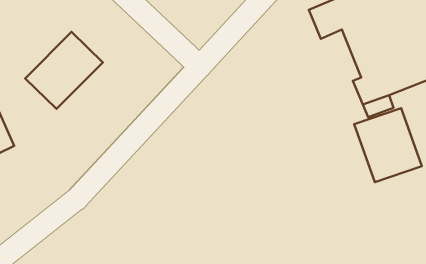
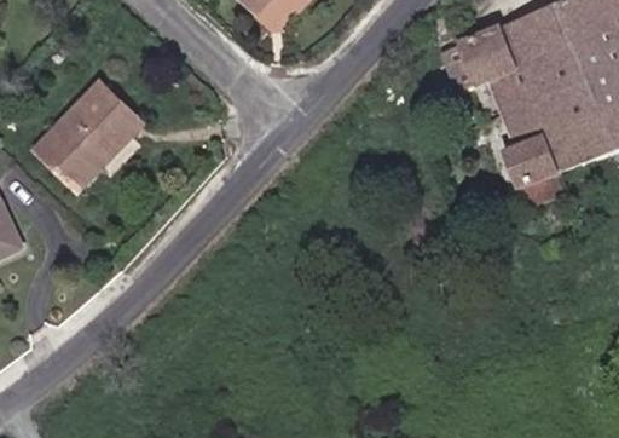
building: [354,108,422,182] -> none

